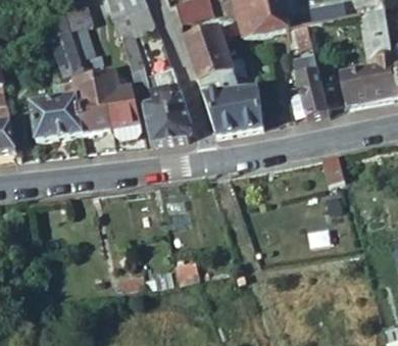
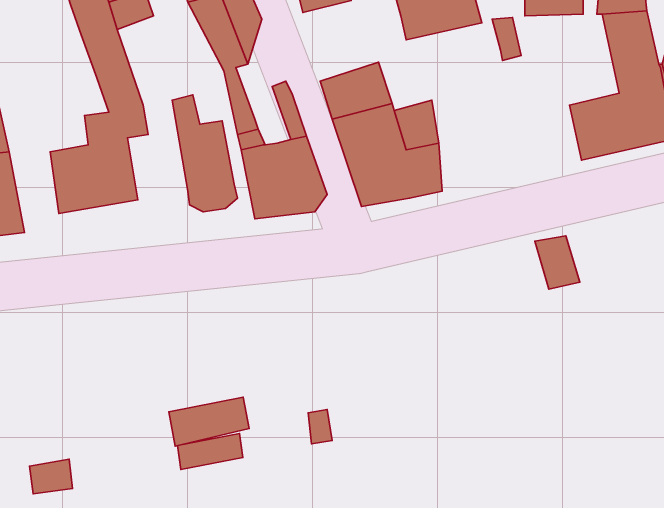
building: [184,27,226,61] -> none
building: [294,58,328,117] -> none
building: [77,72,112,132] -> none
building: none -> [169,397,249,446]

